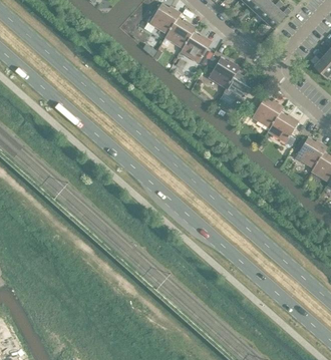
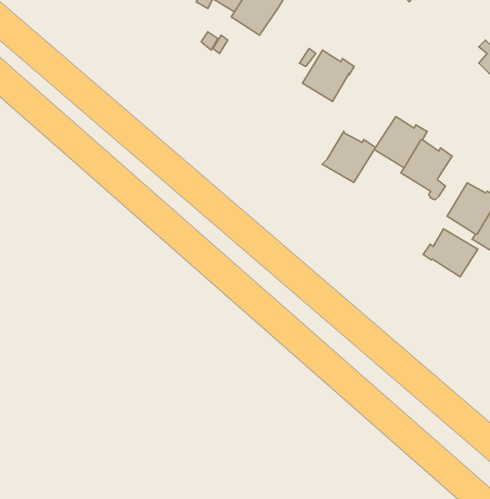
building: [181,32,212,63] -> none
building: [224,71,256,102] -> [322,131,375,182]
building: none -> [423,229,478,277]

